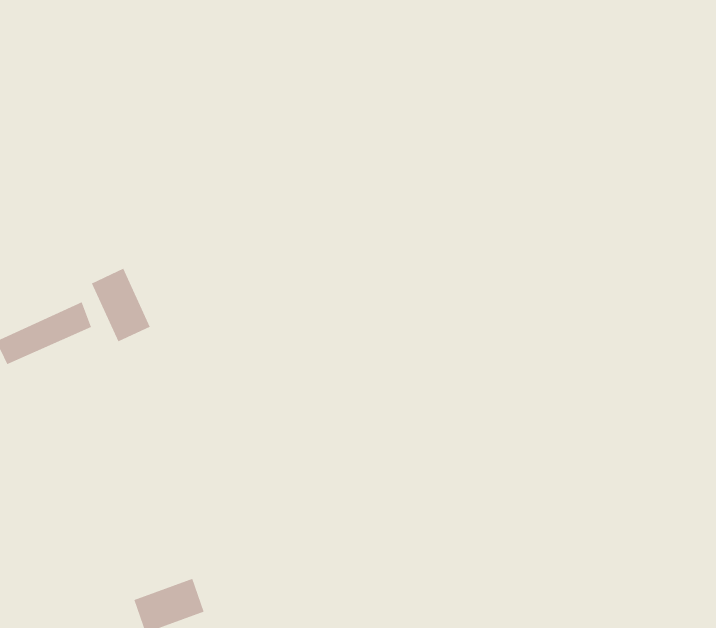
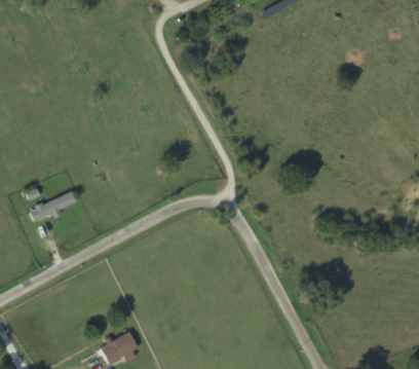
building: [91,268,150,342] -> none

